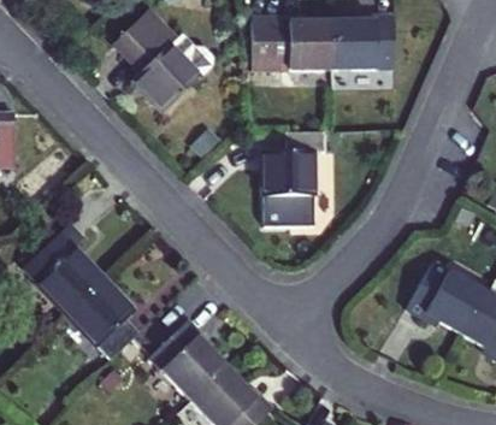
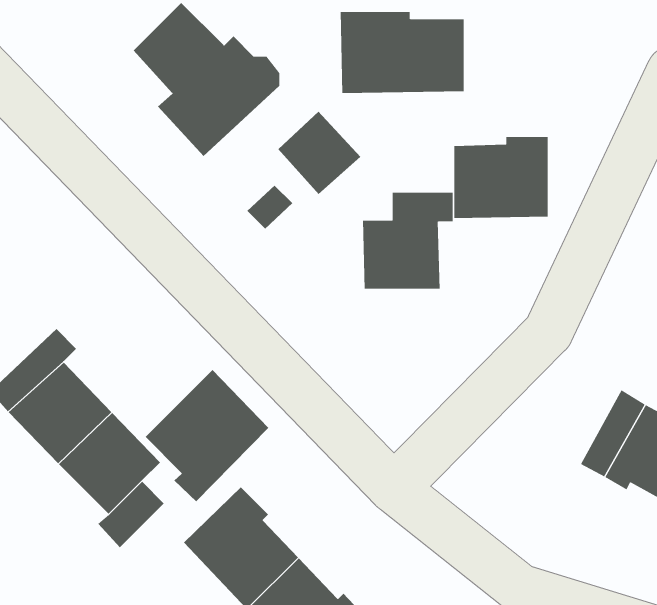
building: [332,14,394,67] -> [453,137,548,219]
building: none -> [277,111,361,195]
building: [267,195,317,225] -> none
building: none -> [145,369,269,502]

